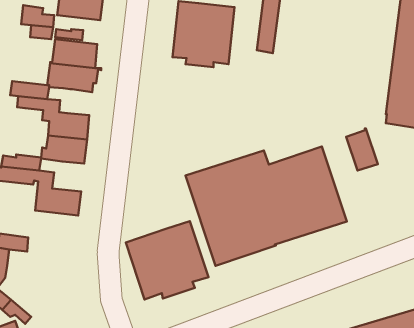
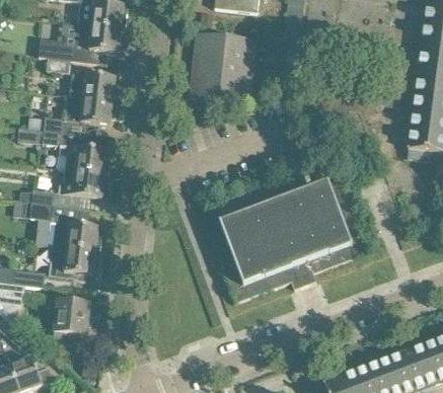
building: [346,128,378,170] -> none
building: none -> [49,244,95,277]
building: [126,221,209,299] -> none
building: none -> [28,291,89,345]

